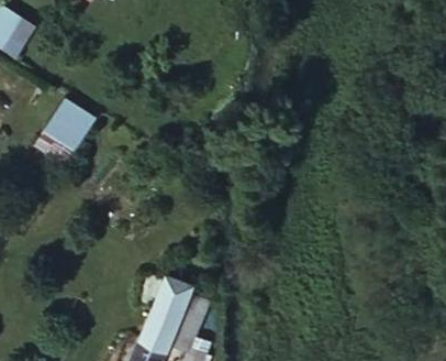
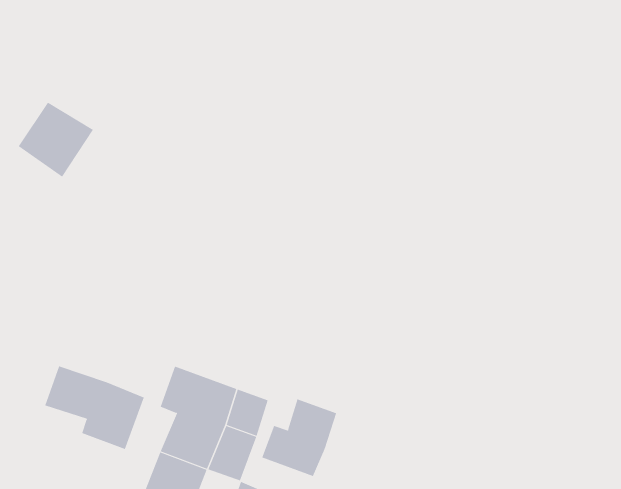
building: none -> [45,365,145,450]
building: none -> [261,399,337,477]

